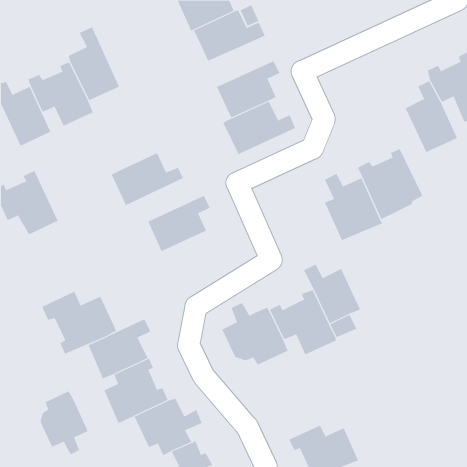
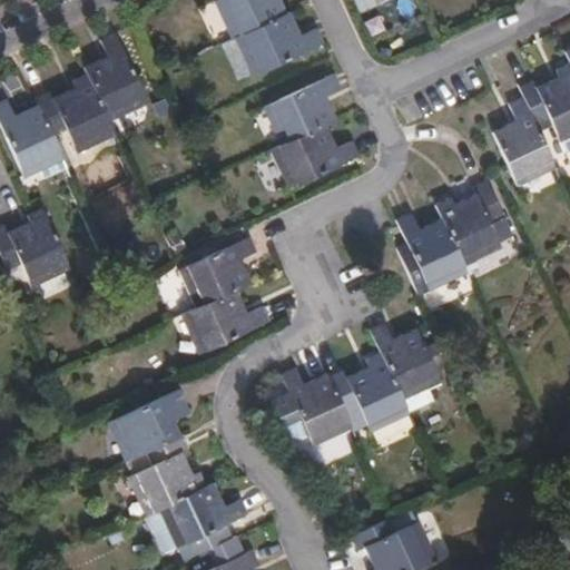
building: [111,153,184,206] -> [181,288,271,353]
building: [42,291,117,354] -> none
building: [40,390,88,455] -> none

